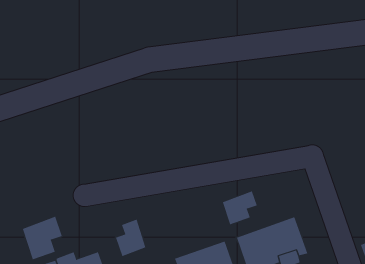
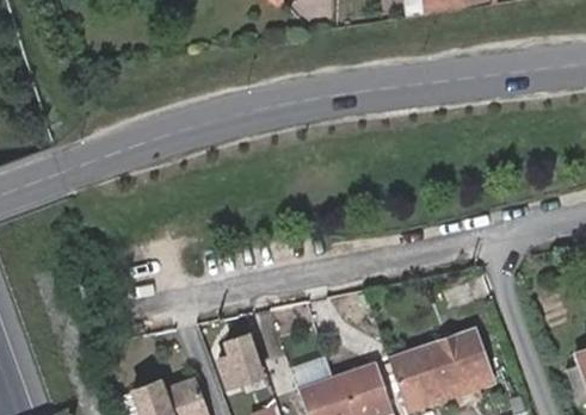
building: [222,190,257,225] -> none
building: [22,216,62,260] -> none

